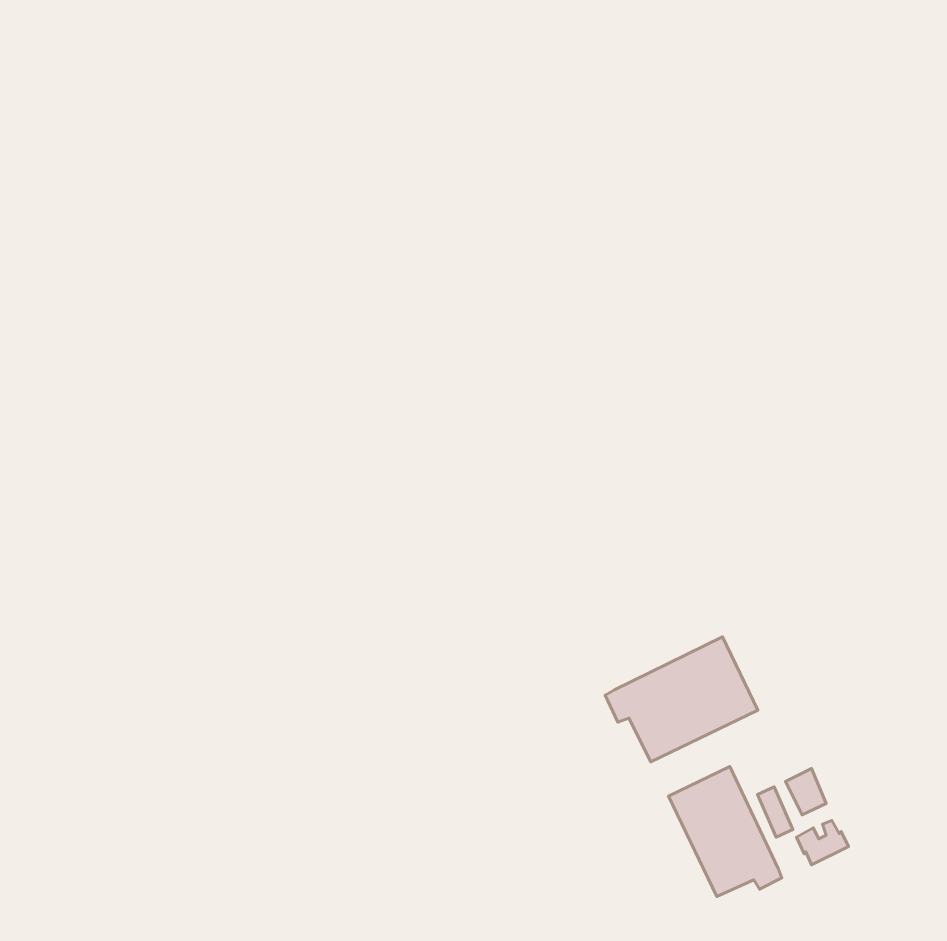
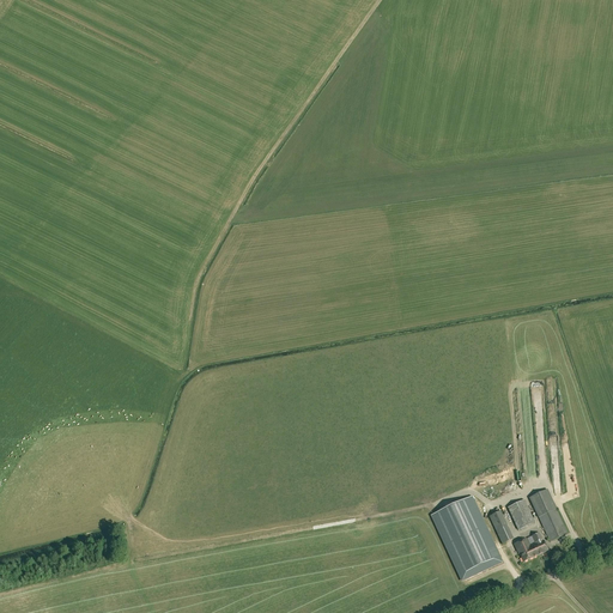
building: [605,637,758,762] -> none
building: none -> [529,485,566,538]

